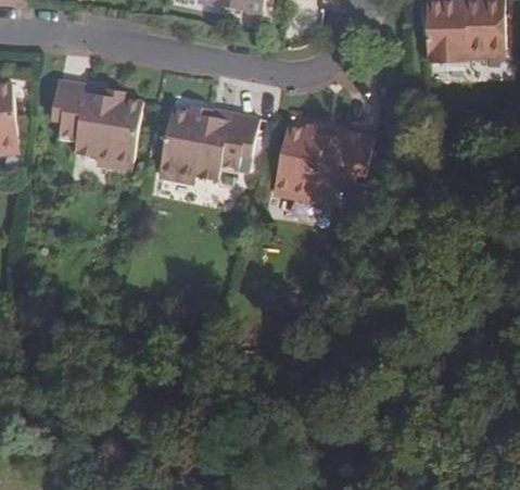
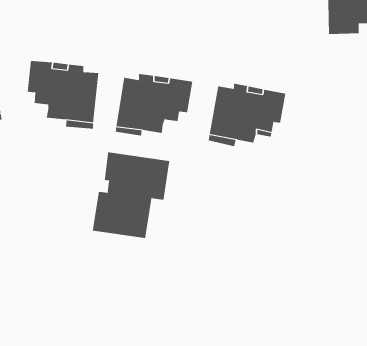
building: none -> [92,151,170,239]

